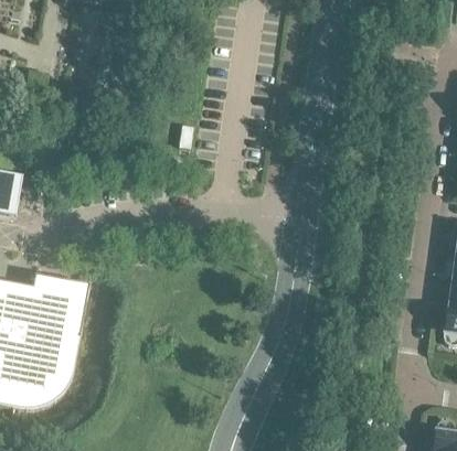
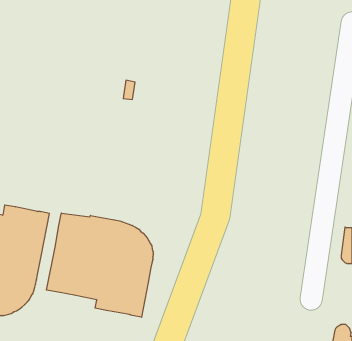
building: none -> [47,213,153,317]

